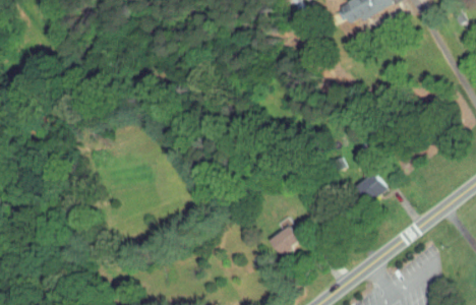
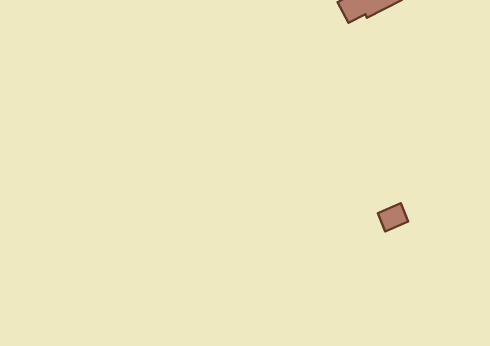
building: [275,227,305,255] -> none

